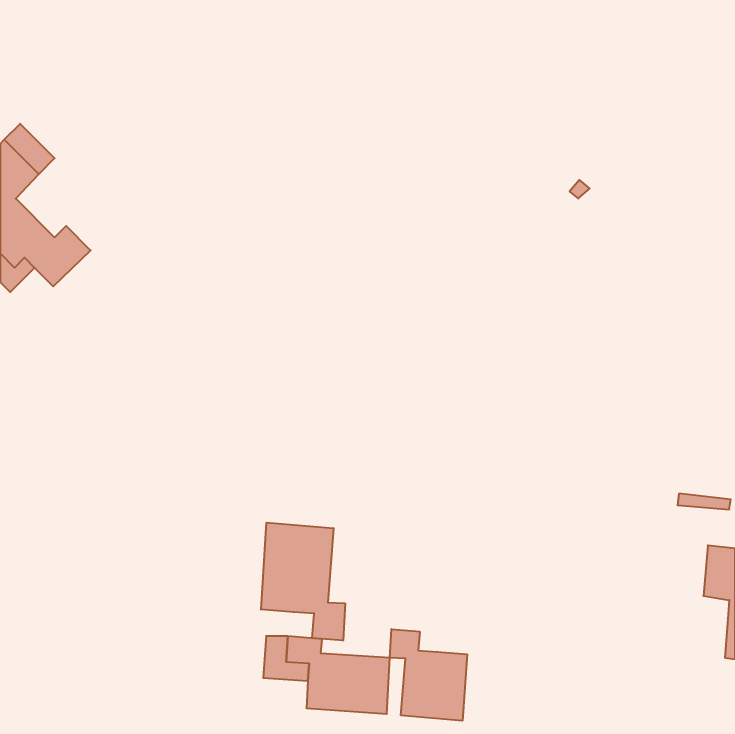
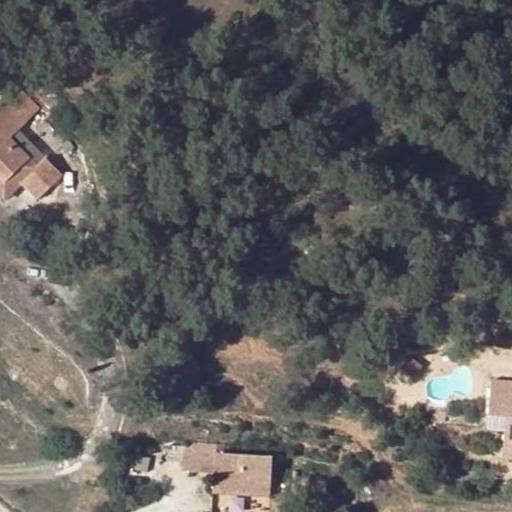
building: [261,523,345,641] -> none
building: [390,629,467,721] -> none

